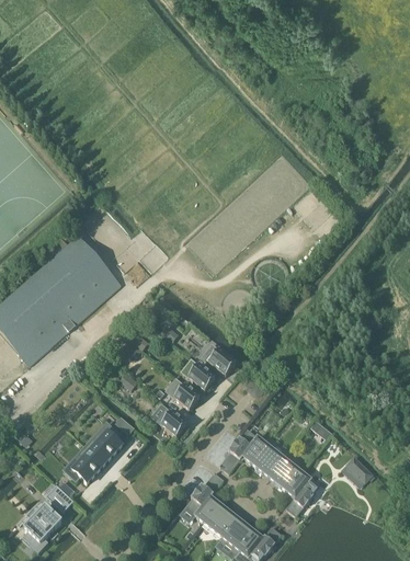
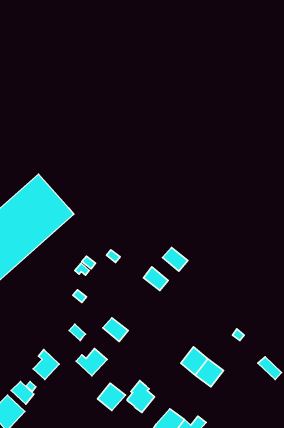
building: [184,363,215,391] -> [162,248,188,271]
building: [169,381,198,411] -> none
building: [227,431,265,463] -> none
building: [84,432,122,465] -> [76,349,107,376]
building: [285,472,318,516] -> none
building: [203,504,237,537] -> [97,383,126,411]

